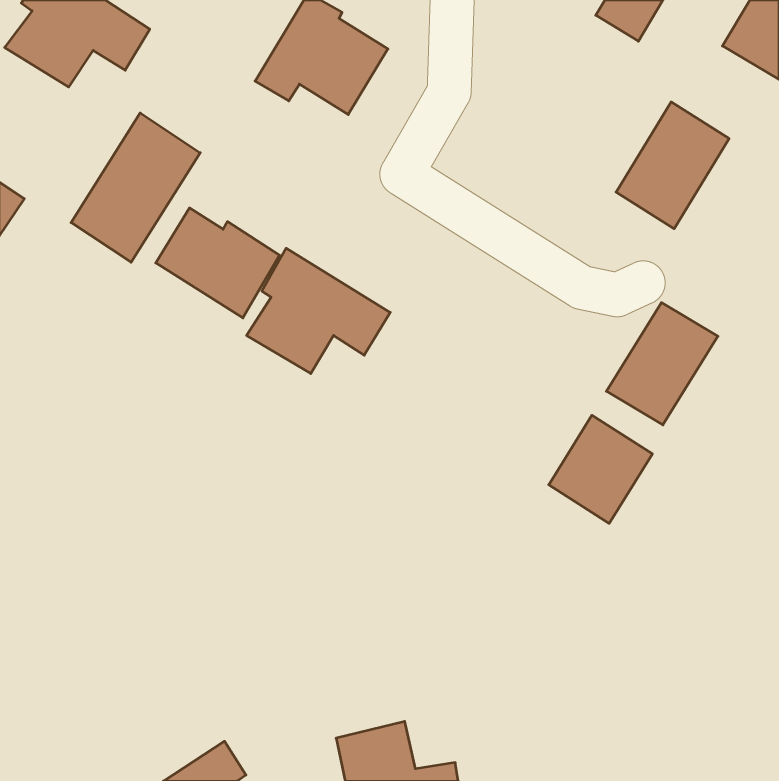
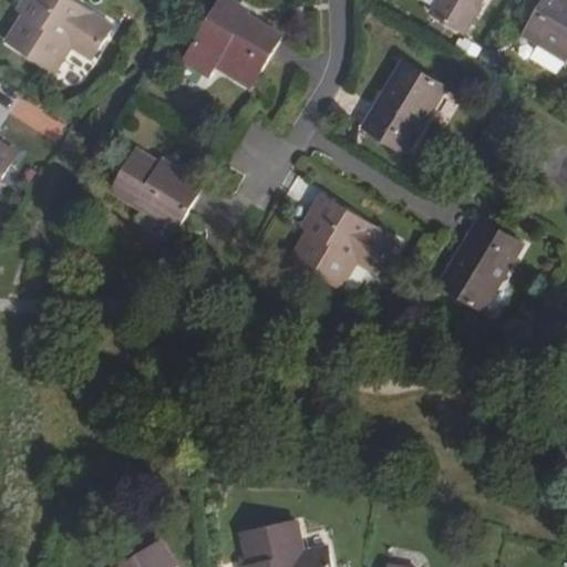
building: [616,102,729,229] -> [362,61,444,153]
building: [71,113,200,262] -> none
building: [247,248,390,374] -> [291,195,395,286]
building: [549,415,652,523] -> none

